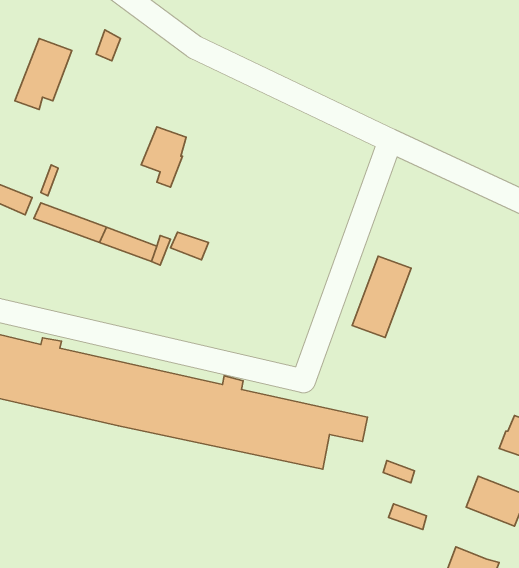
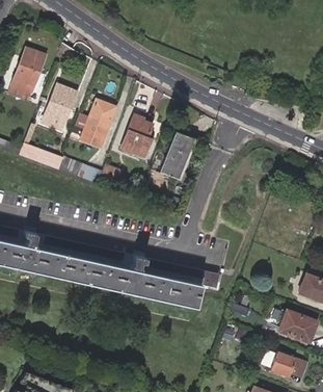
building: none -> [42,84,76,127]
building: none -> [125,119,155,157]
building: [352,256,411,337] -> [159,134,194,183]

